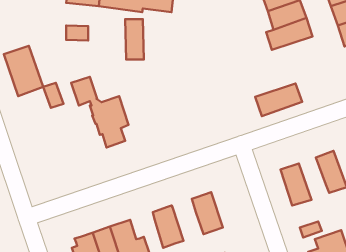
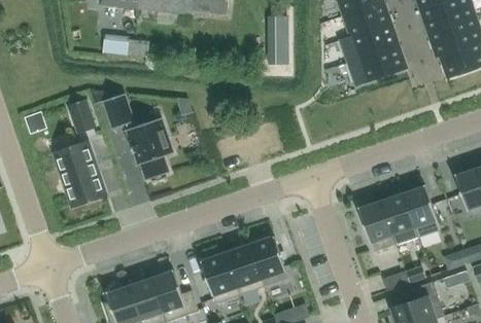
building: [125,19,144,59] -> [267,14,289,64]
building: [4,46,43,96] -> [56,144,104,206]
building: [255,83,302,116] -> [348,45,406,85]
building: none -> [381,193,418,245]
building: none -> [226,244,265,295]

